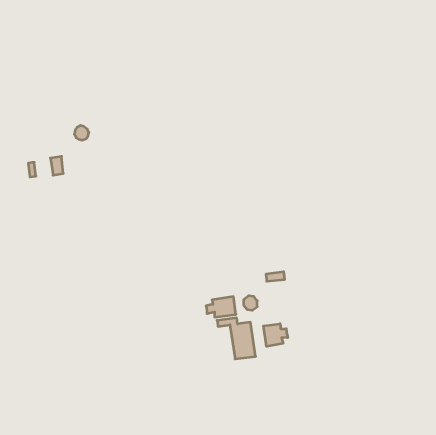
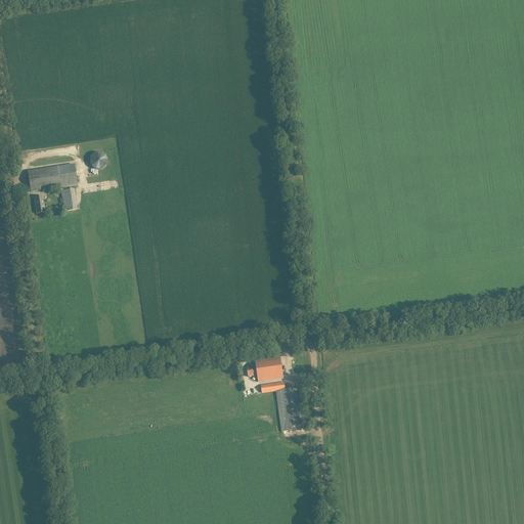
building: none -> [27,163,76,189]
building: [263,324,288,346] -> none

